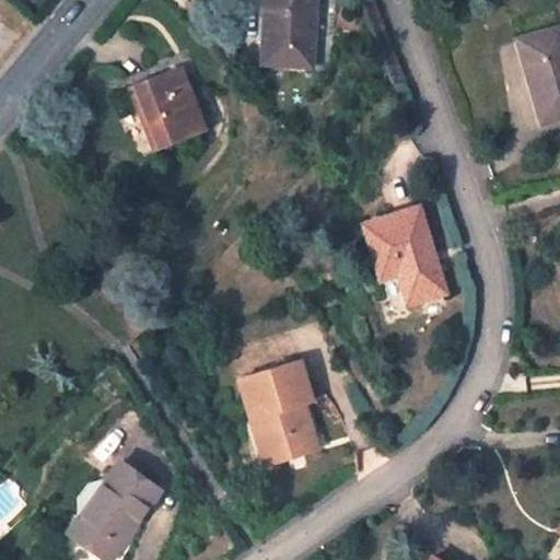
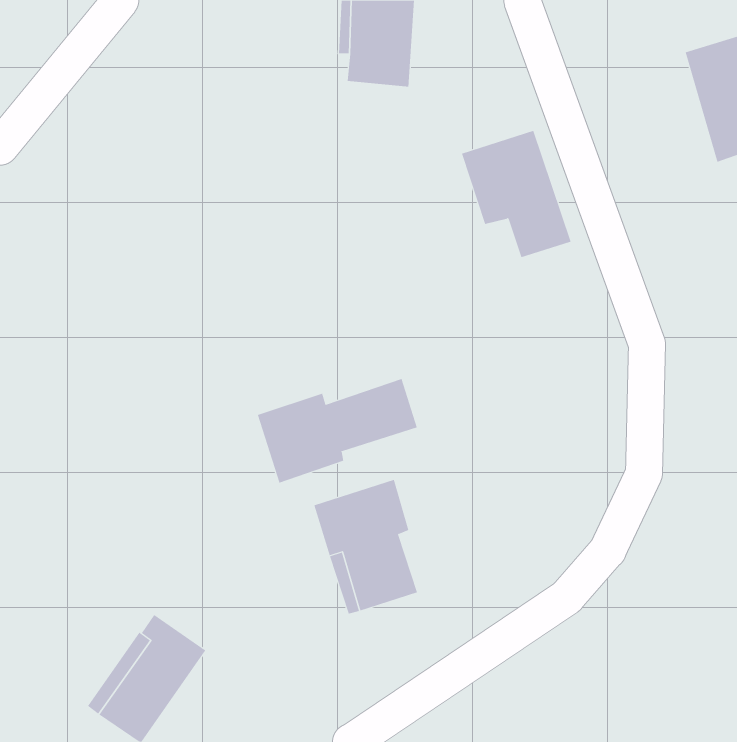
building: [129,67,207,152] -> none
building: [364,208,447,304] -> [461,130,572,258]
building: none -> [257,378,417,483]

